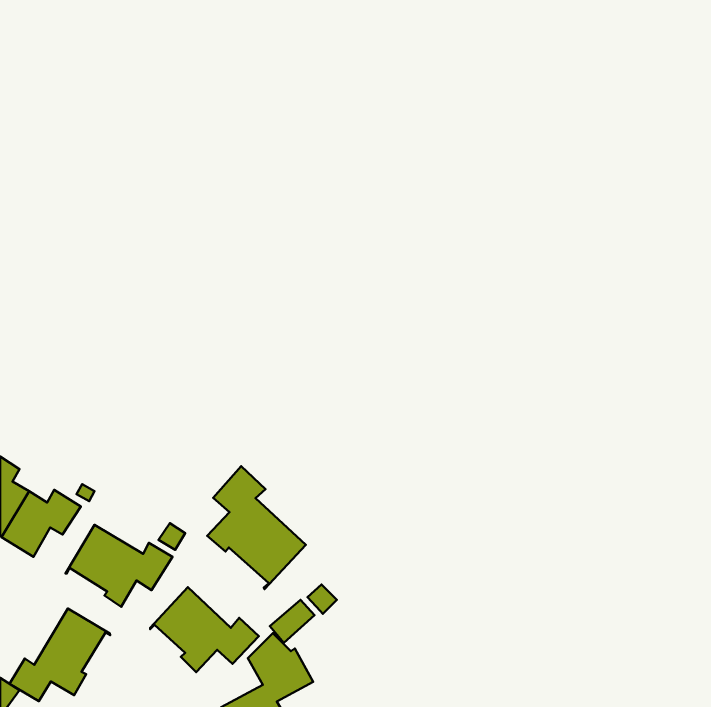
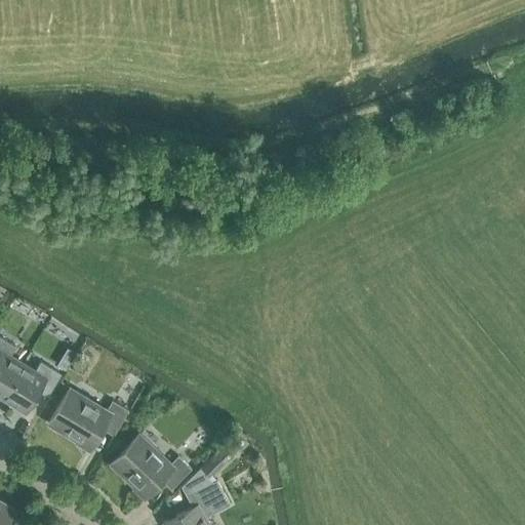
building: [207,466,306,589] -> none
building: [9,608,110,701] -> none

